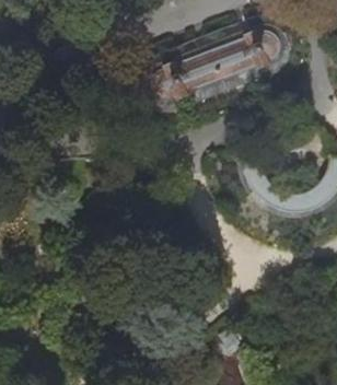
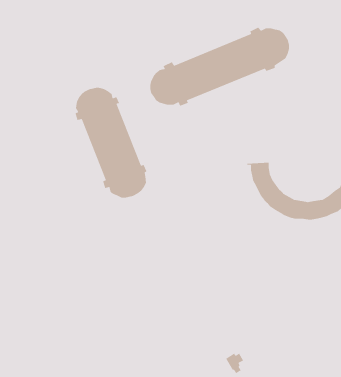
building: none -> [75,87,147,199]

